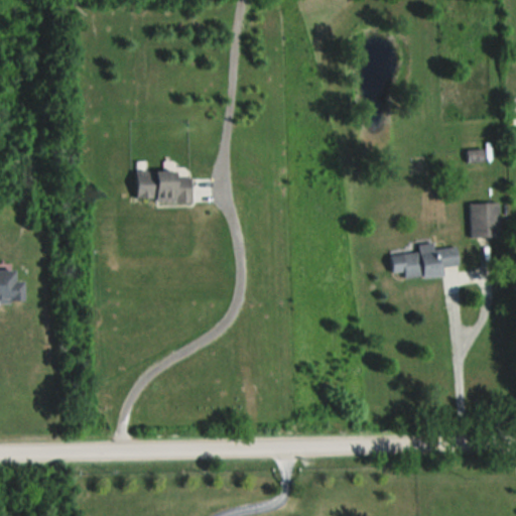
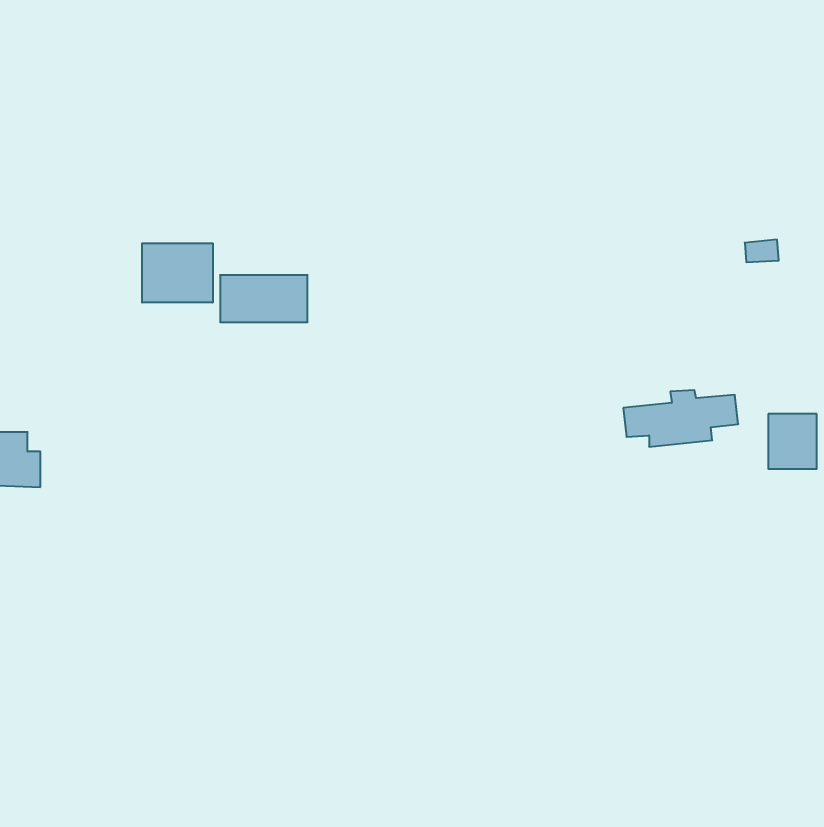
building: none -> [142,243,213,303]
building: [469,203,499,237] -> [768,414,817,469]

